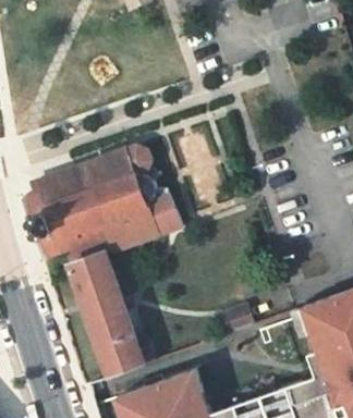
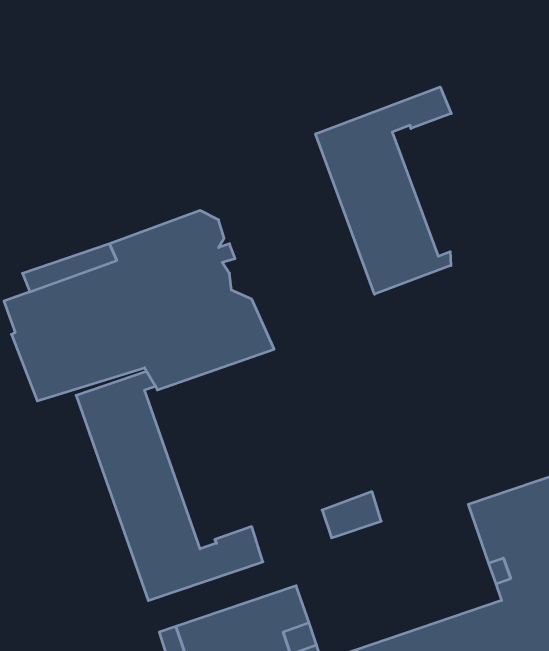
building: none -> [316,87,451,294]

